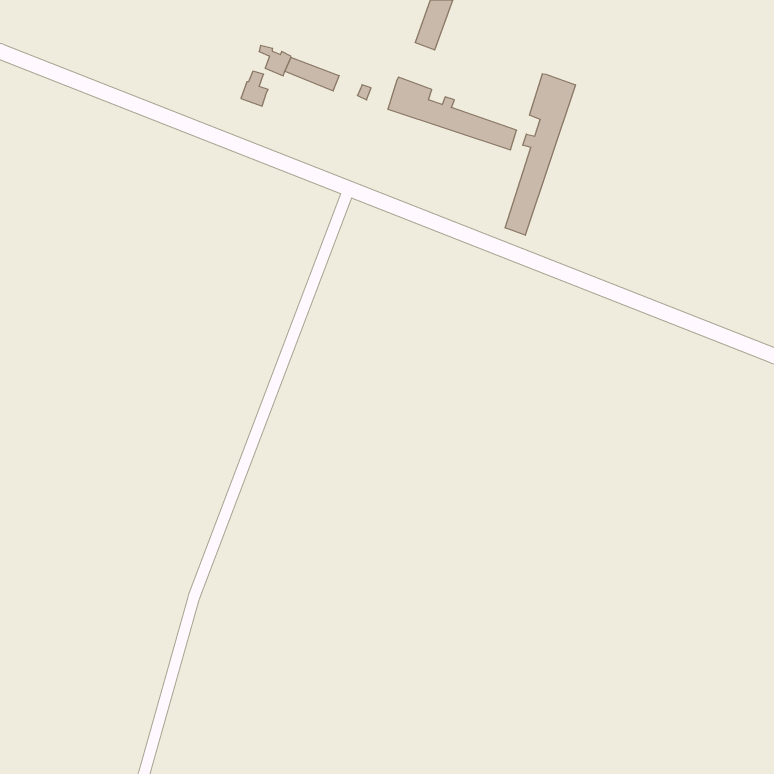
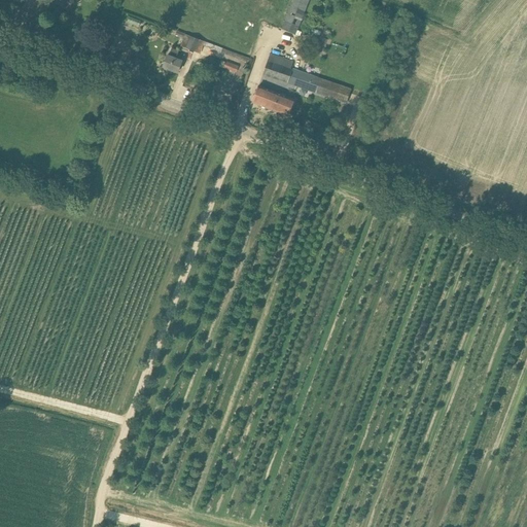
building: [505,74,575,235] -> none
building: none -> [252,85,294,116]

